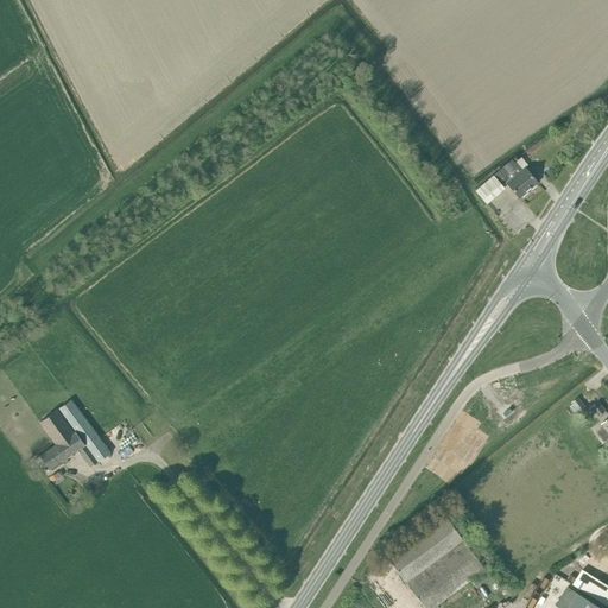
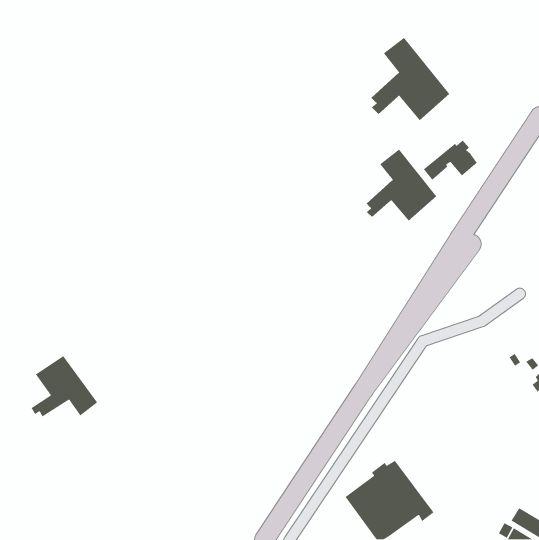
building: none -> [371,37,450,121]
building: none -> [366,149,437,221]

